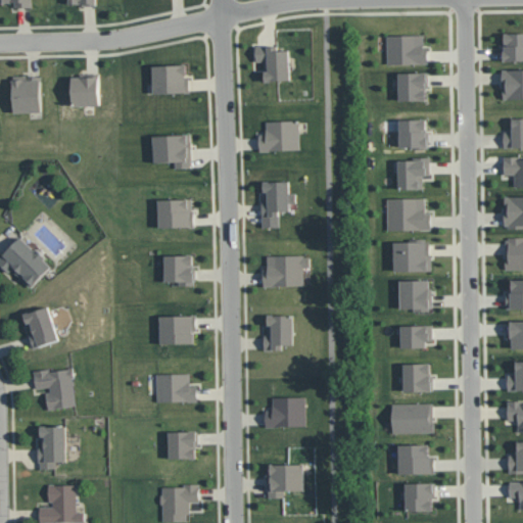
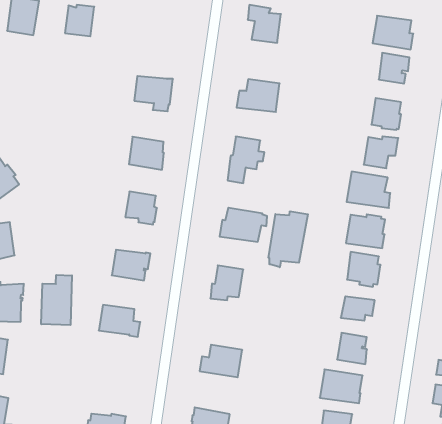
building: [151,65,188,95] -> none
building: none -> [268,211,308,267]
building: none -> [41,275,72,325]
building: [168,432,196,460] -> none

